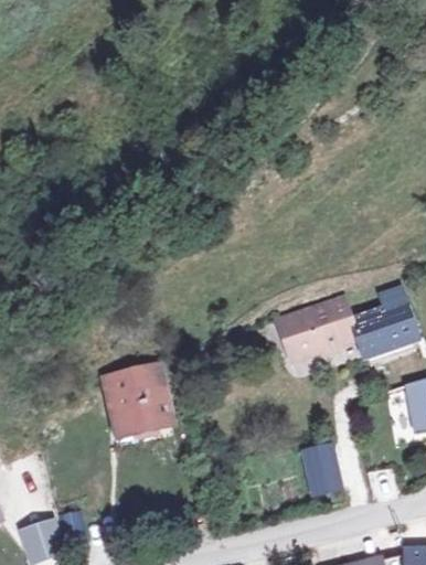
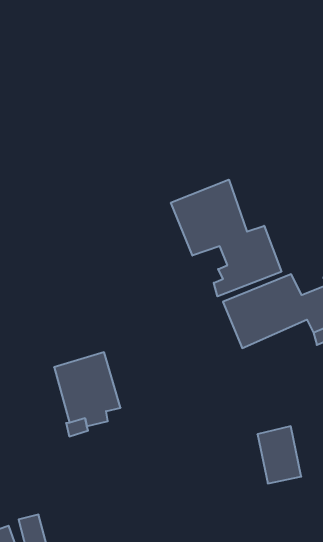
building: none -> [171,180,281,296]

